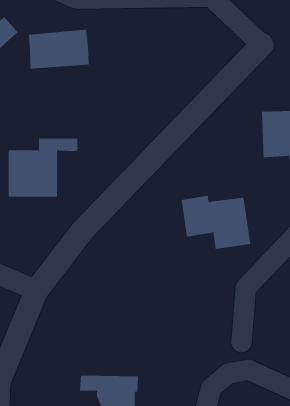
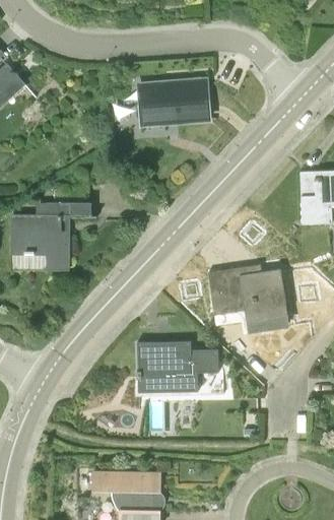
building: [28,29,90,69] -> [139,79,209,125]
building: none -> [136,341,223,394]

